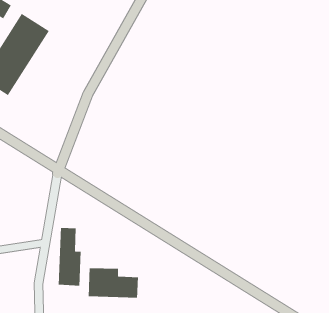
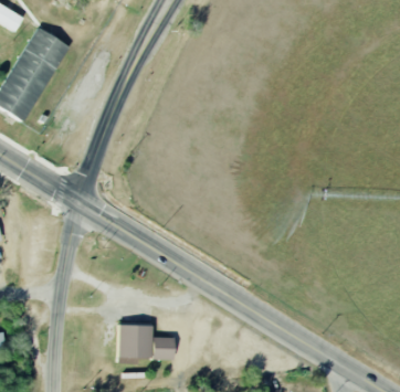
building: [58,227,82,286] -> none

